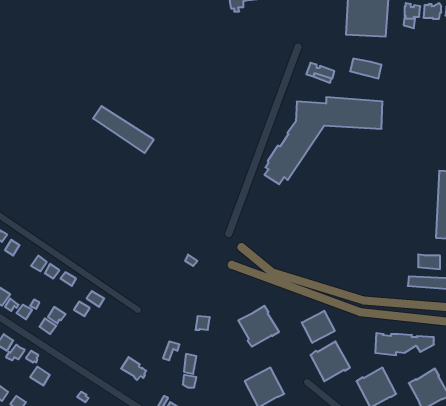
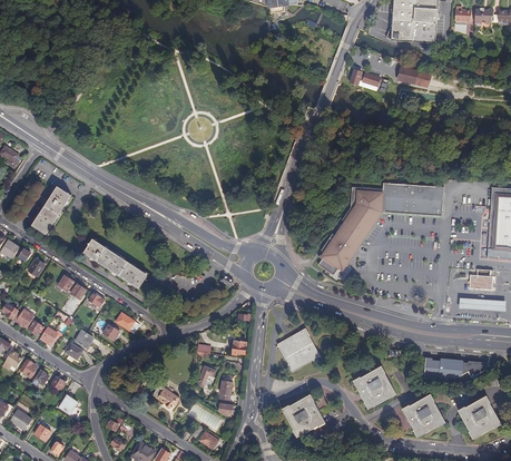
building: [264,97,383,184] -> [316,182,442,274]
building: [93,106,154,153] -> [83,238,148,288]
building: none -> [32,186,71,234]
building: [302,311,335,343] -> none

